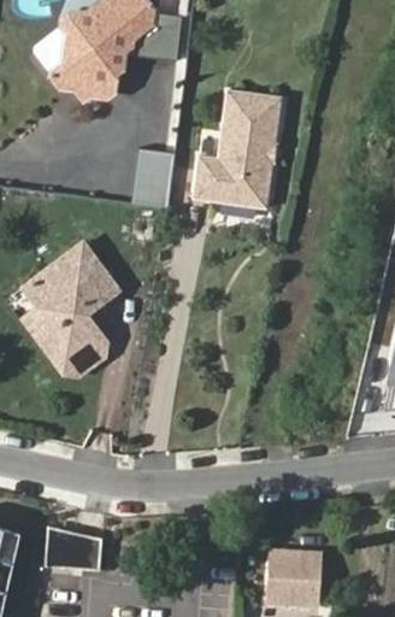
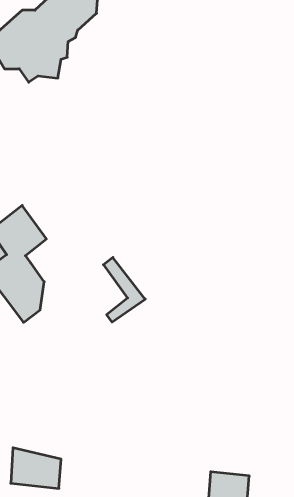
building: [187,93,279,213] -> none
building: [64,236,112,311] -> [103,257,145,322]

